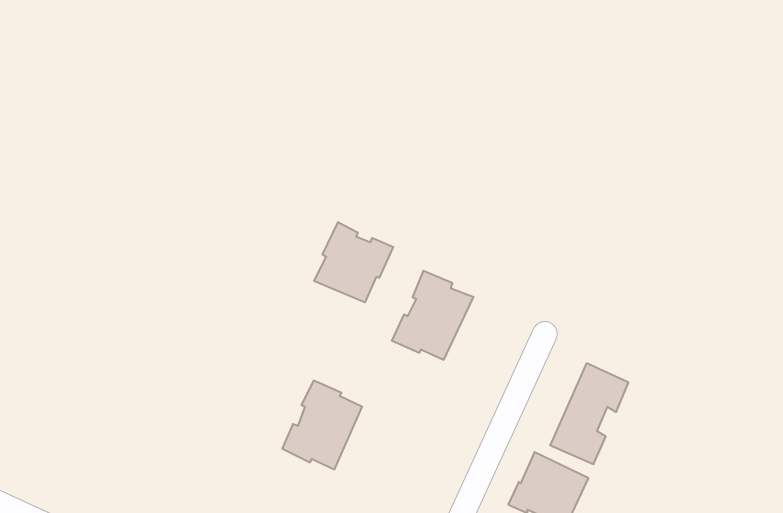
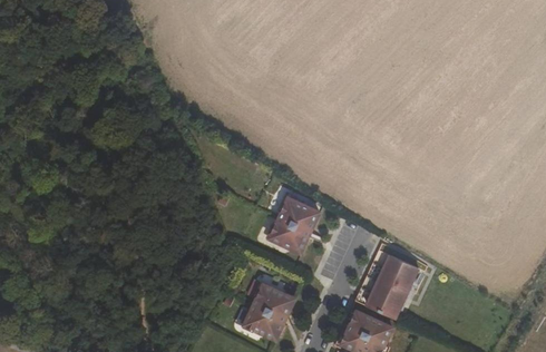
building: [314,222,393,302] -> none
building: [282,381,362,469] -> [241,281,292,338]

